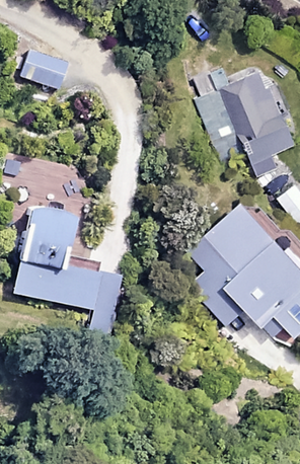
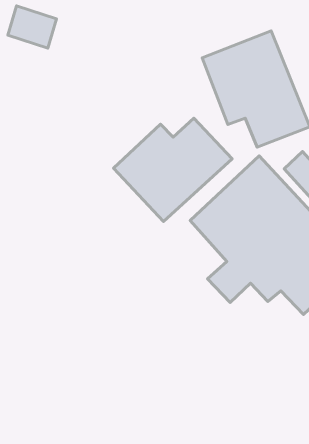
building: none -> [114,118,232,222]
building: [13,204,121,337] -> none

